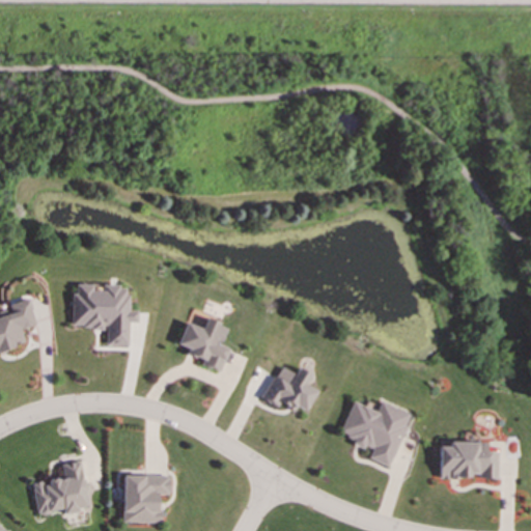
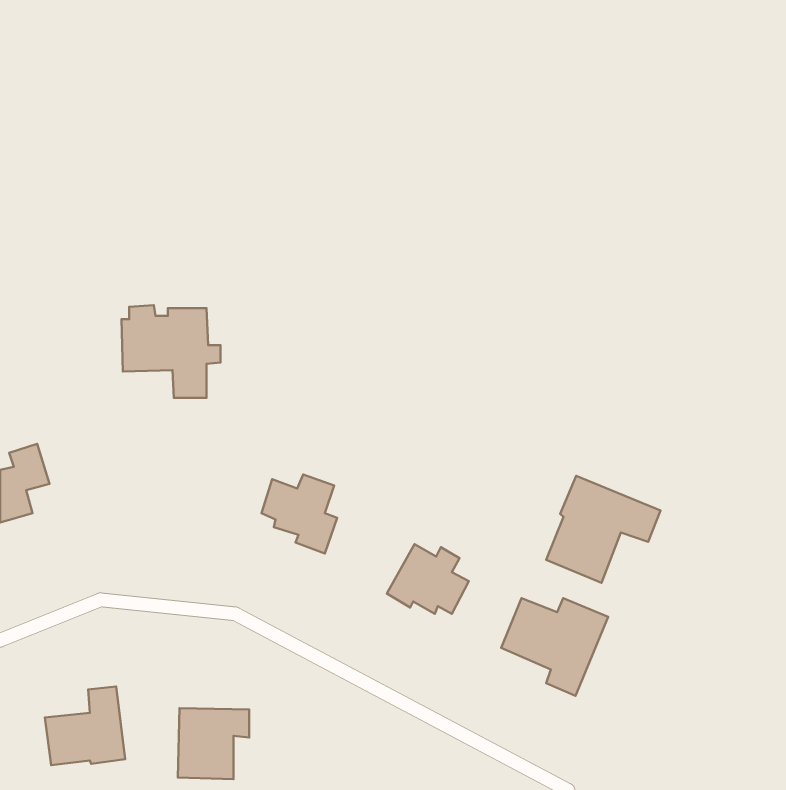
building: [72,283,138,345] -> [121,305,220,398]
building: none -> [546,476,660,583]
building: [439,442,498,477] -> none

